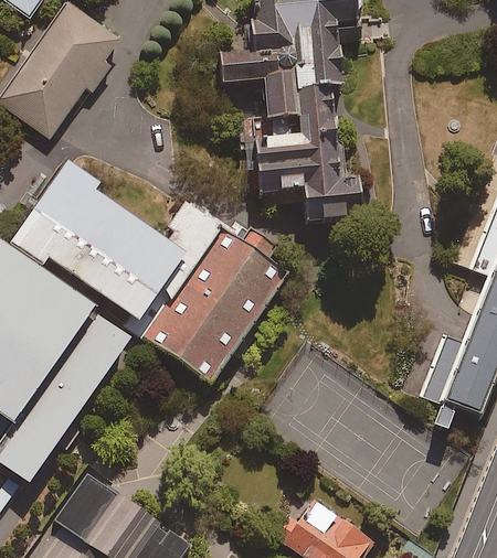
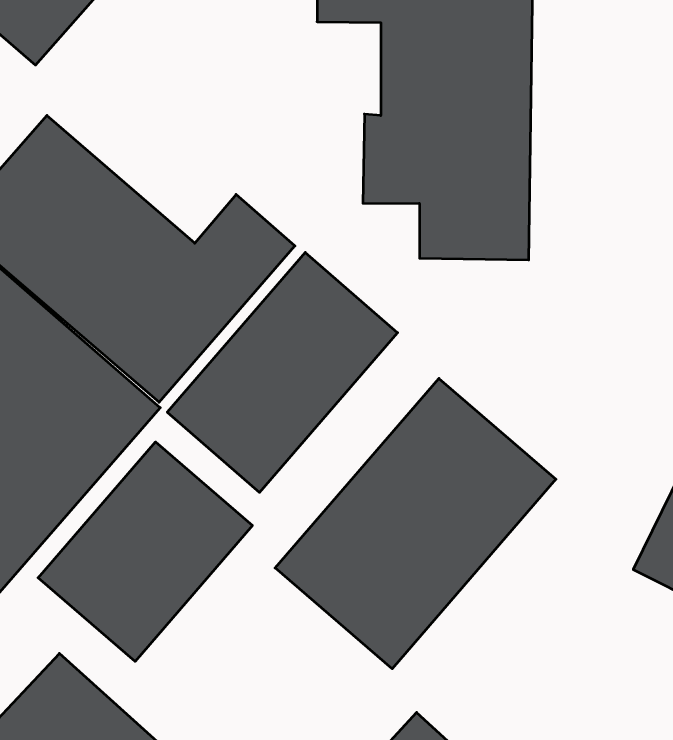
building: none -> [275,378,556,669]
building: none -> [38,442,252,661]

